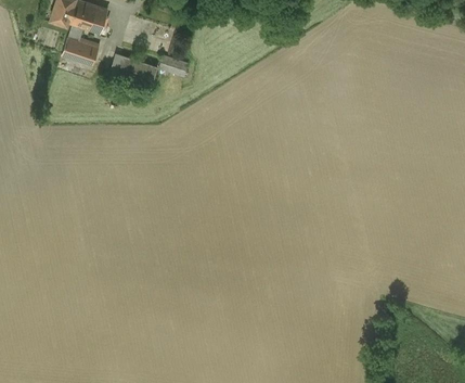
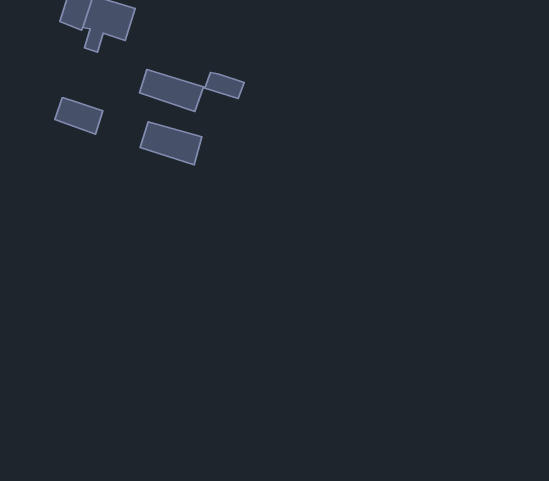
building: [62,39,98,66] -> [55,98,103,134]
building: none -> [140,122,202,165]

